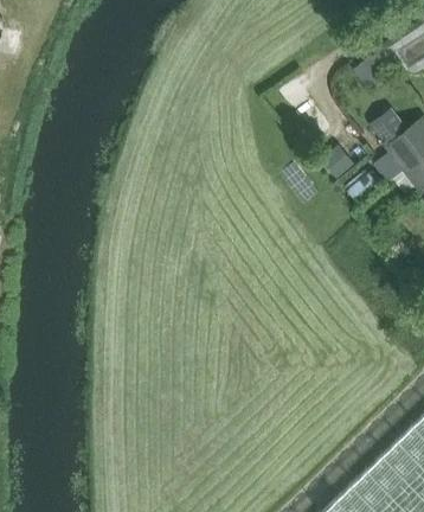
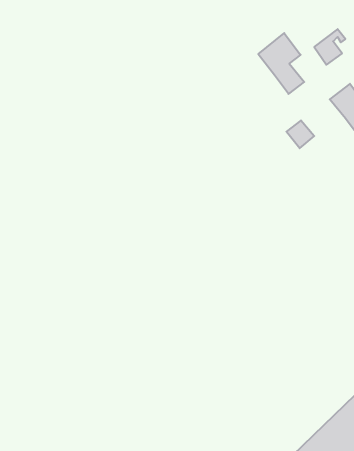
building: none -> [258,33,304,94]

